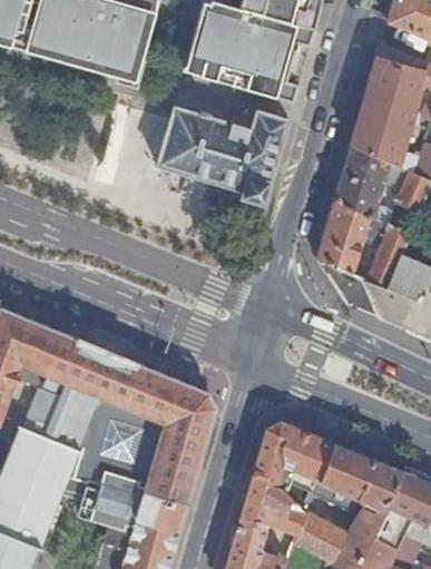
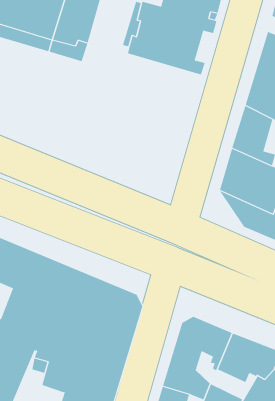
building: [157,107,290,203] -> none

